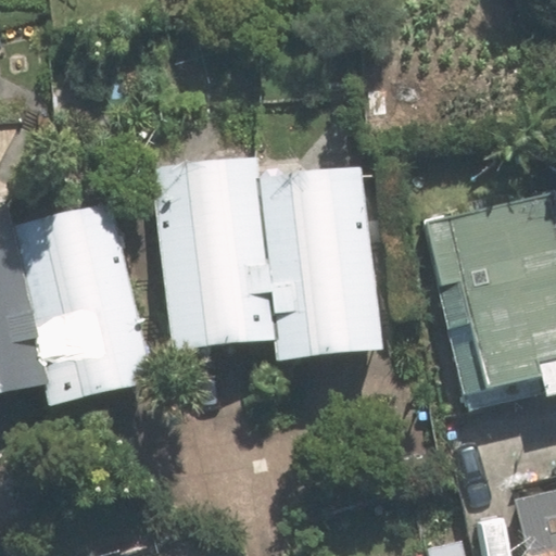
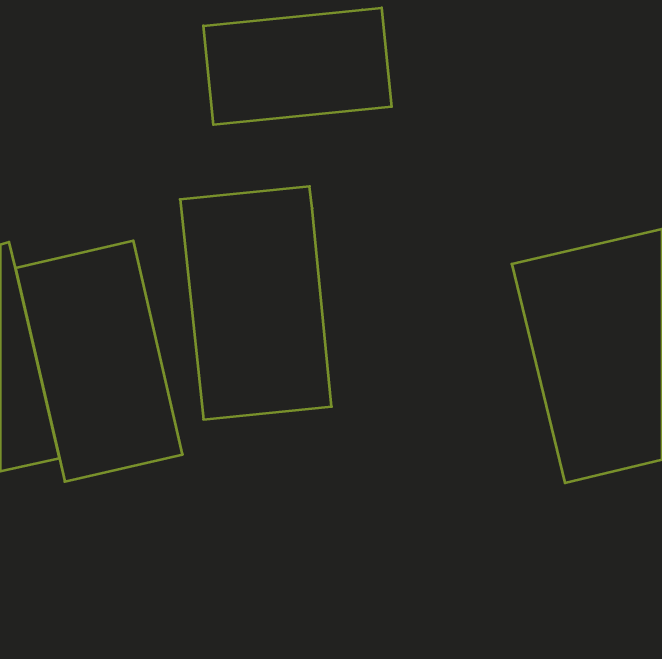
building: none -> [203,8,392,125]
building: [262,165,381,359] -> none

